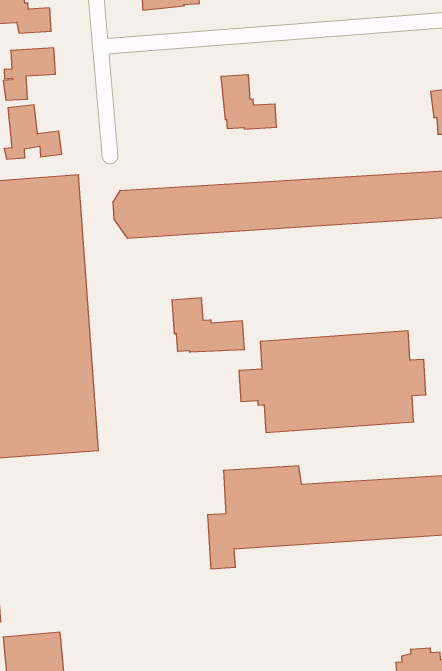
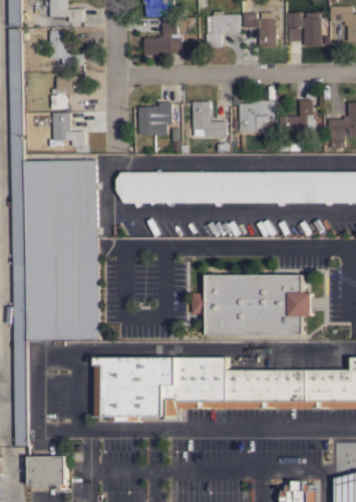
building: none -> [280,99,314,134]
building: none -> [239,100,274,132]
building: none -> [138,101,172,136]
building: [172,298,244,352] -> none
building: none -> [96,357,179,422]

